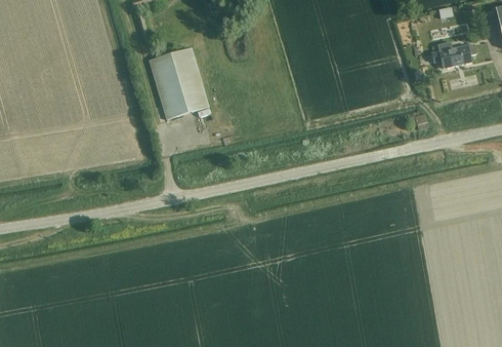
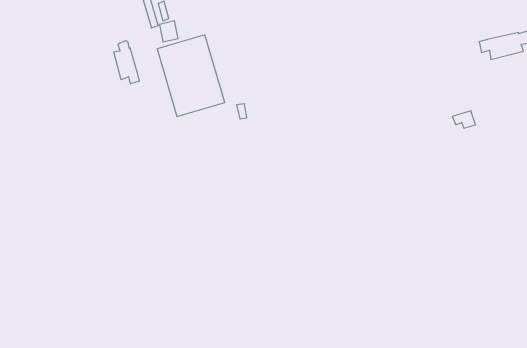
building: none -> [114,41,139,84]

